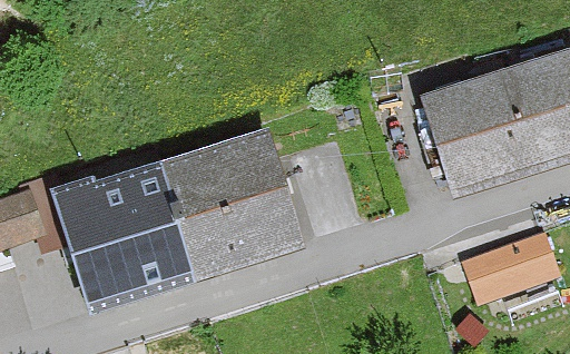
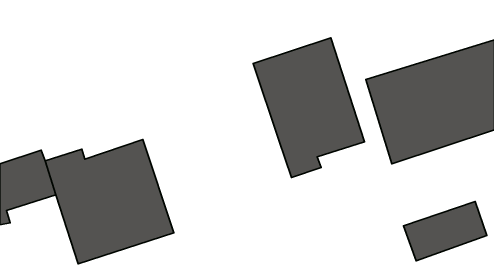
building: none -> [253,38,365,178]
building: [165,130,302,271] -> none

